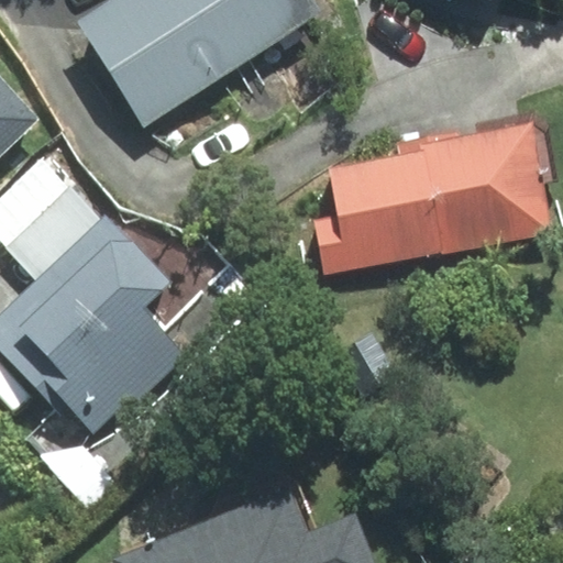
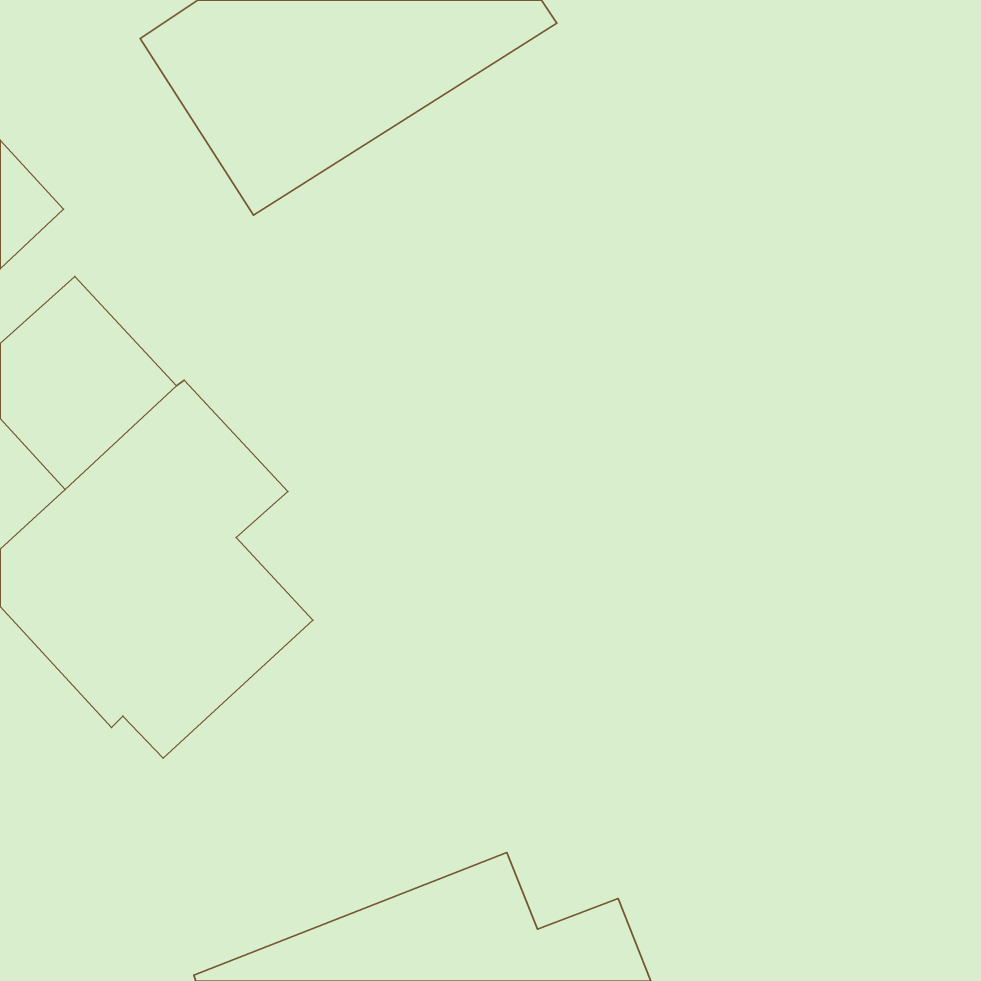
building: [314,126,555,274] -> none

